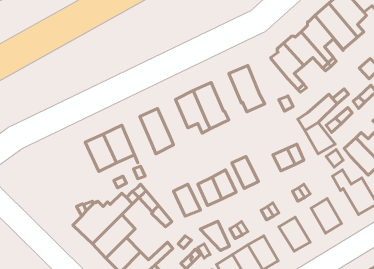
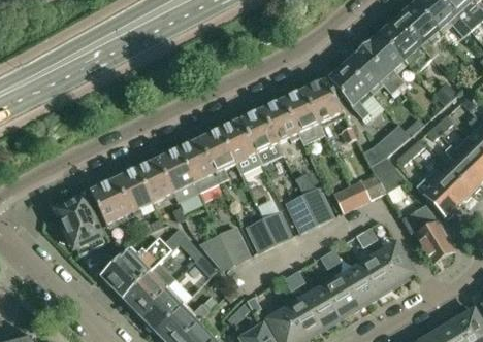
building: none -> [304,79,342,134]
building: none -> [262,99,297,142]
building: none -> [200,129,235,181]
building: none -> [159,148,198,202]
building: none -> [91,178,132,224]
building: none -> [302,186,333,224]
building: none -> [57,197,104,253]
building: none -> [359,254,394,294]
building: [200,221,229,251] -> [198,235,232,269]
building: none -> [323,276,358,315]

